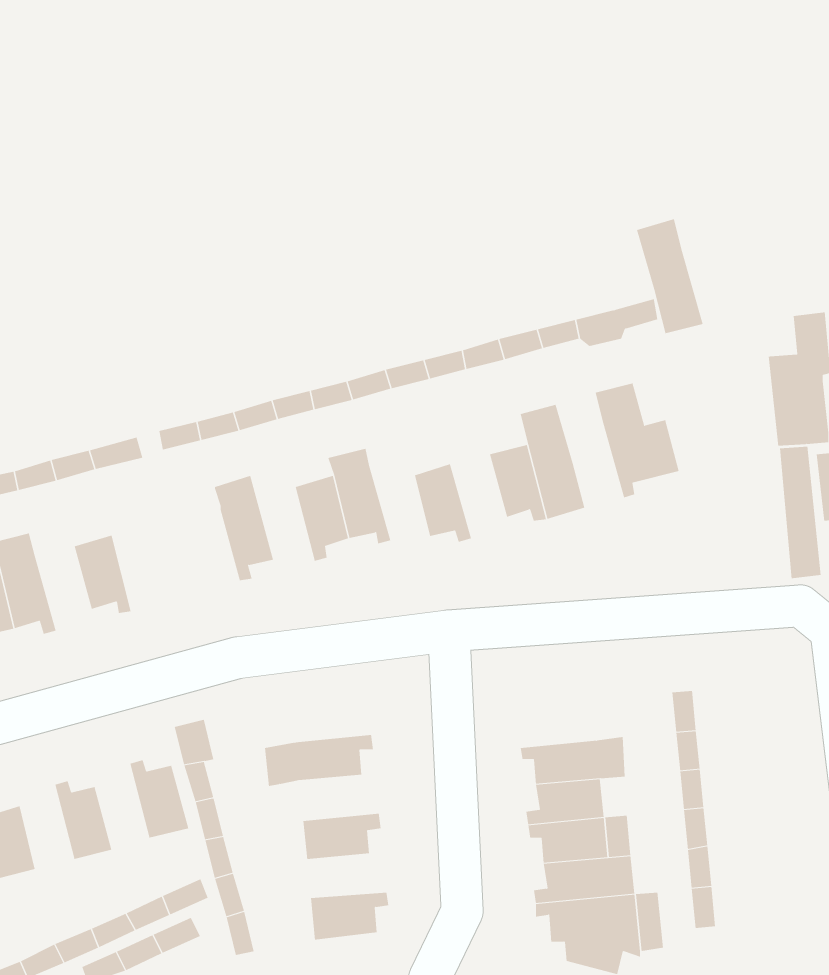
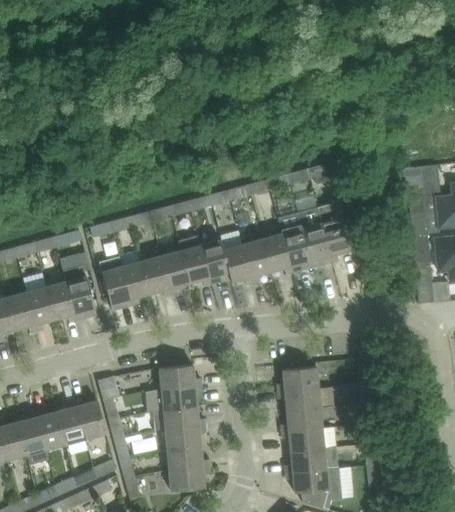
building: [636,218,703,334] -> [297,207,332,267]
building: none -> [242,239,271,283]
building: none -> [200,240,231,284]
building: none -> [141,256,171,296]
building: none -> [99,257,132,311]
building: none -> [63,266,97,321]
building: none -> [26,287,55,331]
building: none -> [160,365,201,389]
building: none -> [277,367,318,392]
building: none -> [57,400,85,445]
building: none -> [153,406,205,431]
building: none -> [18,411,49,465]
building: none -> [167,447,209,470]

